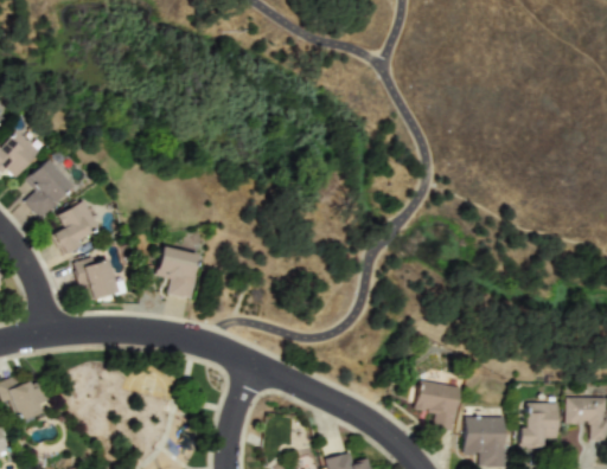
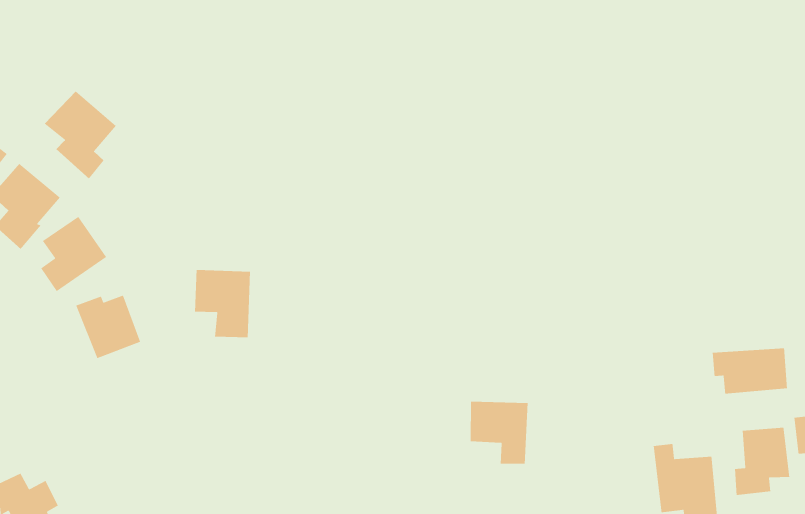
building: none -> [44,90,117,180]
building: none -> [712,347,788,394]
building: [416,380,460,429] -> [470,401,529,465]

